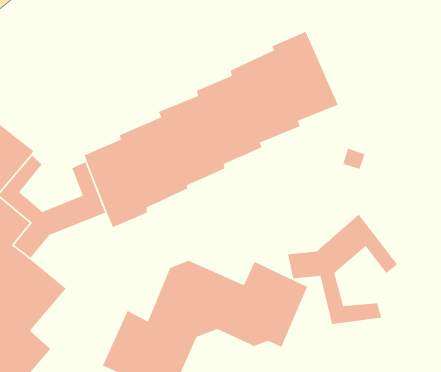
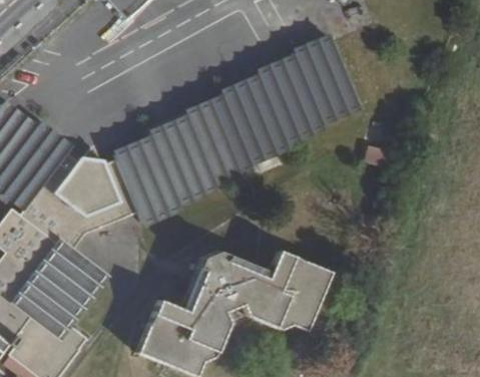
building: none -> [60,139,118,204]
building: [287,213,398,325] -> none

